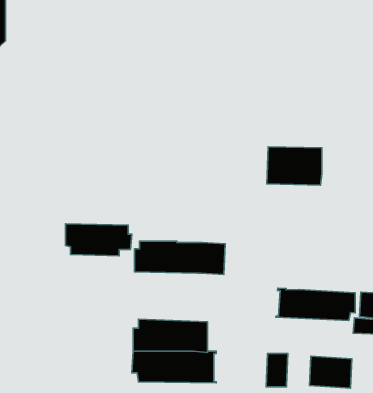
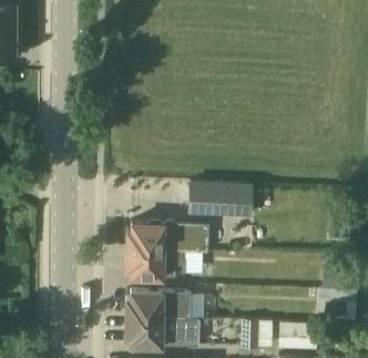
building: [267,147,322,185] -> [190,183,237,216]
building: [65,224,132,256] -> [127,249,185,277]
building: [276,288,355,321] -> none

